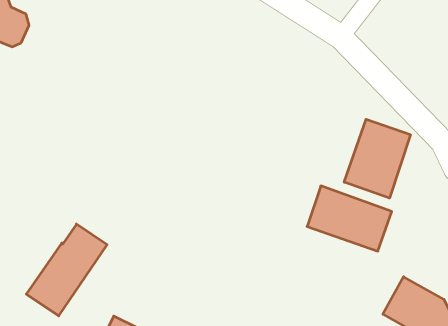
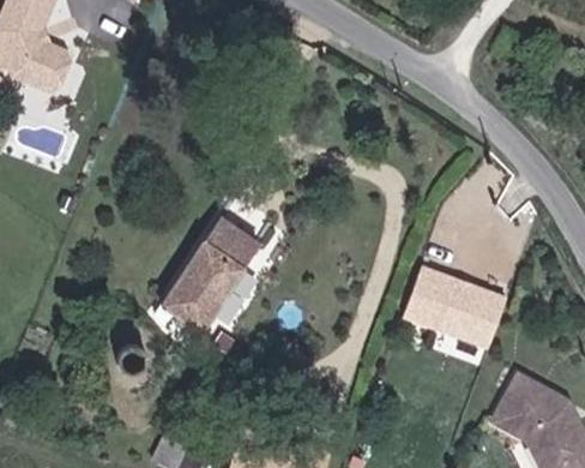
building: [344,119,410,198] -> none
building: [26,224,107,316] -> [161,221,259,332]

